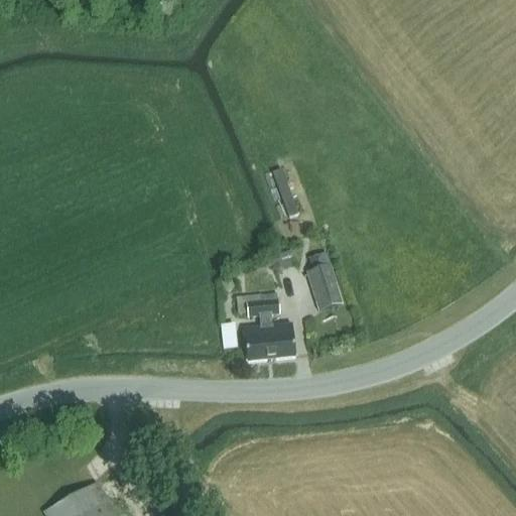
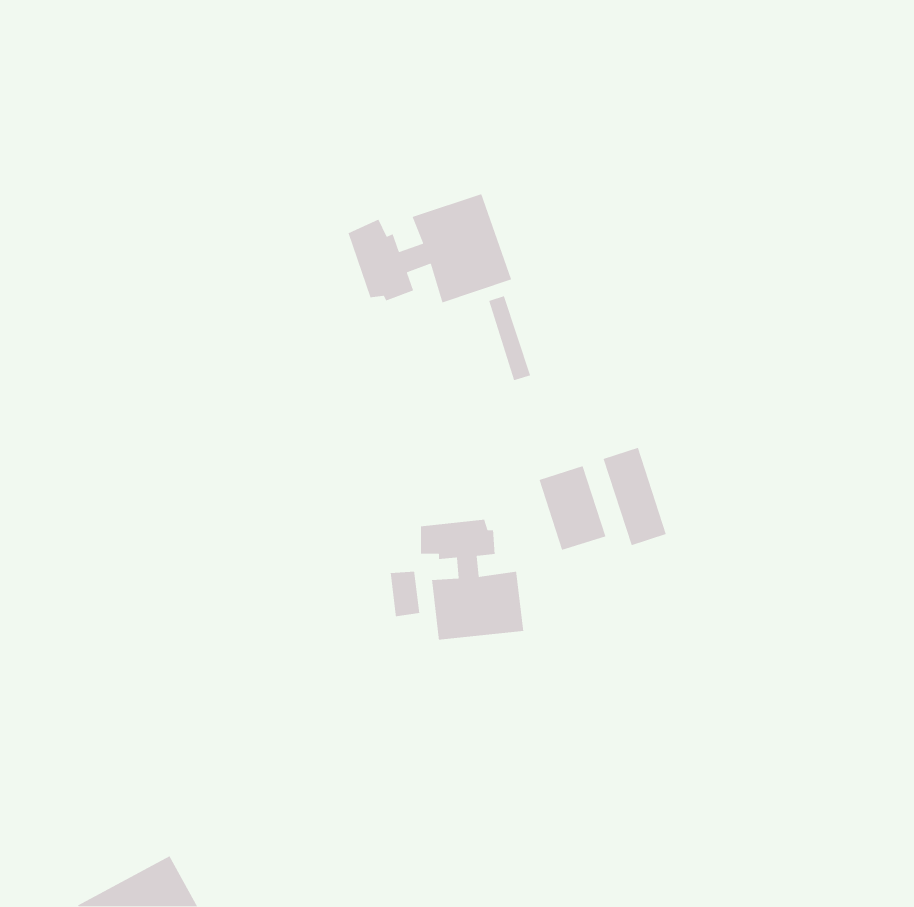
building: none -> [347,193,512,303]
building: none -> [603,447,667,546]

